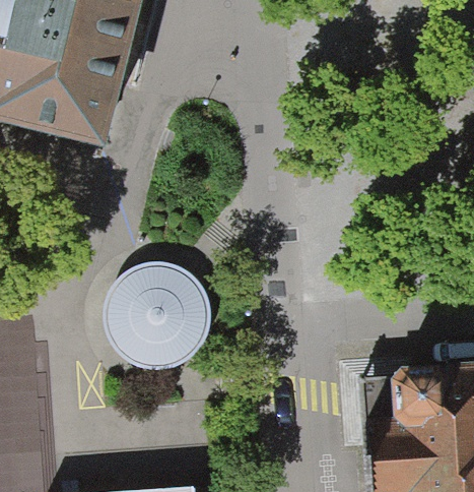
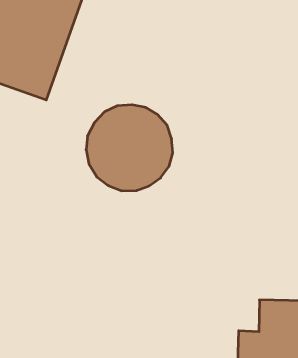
building: [104,259,211,367] -> [86,105,173,191]

